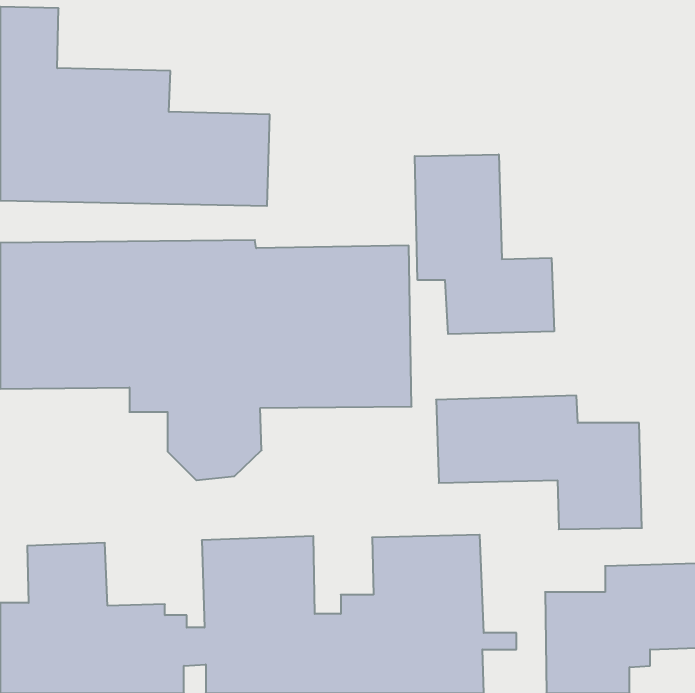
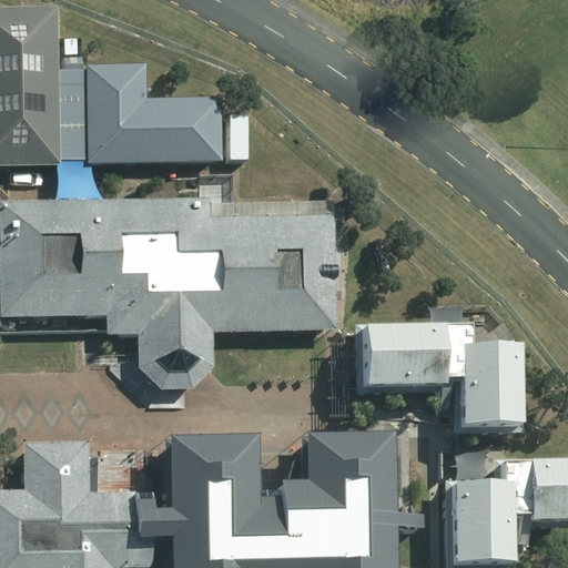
building: [415,154,554,334] -> none

